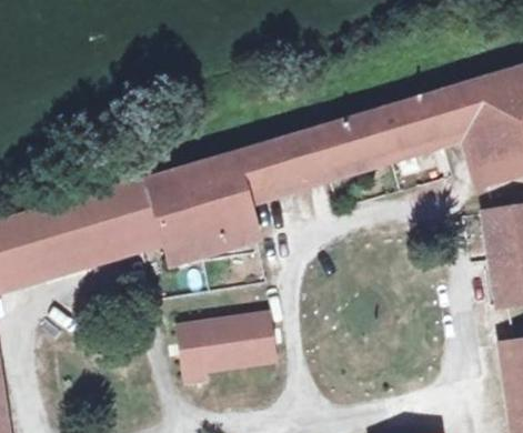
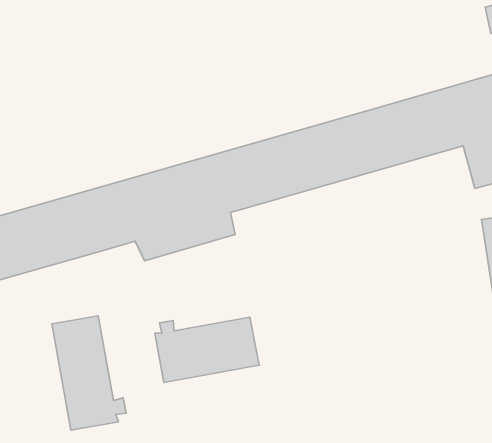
building: none -> [52,316,126,430]

